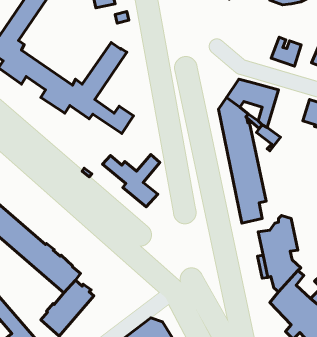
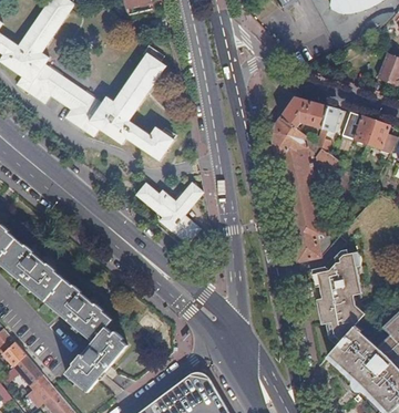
building: [271,37,301,66] -> [340,112,375,145]

